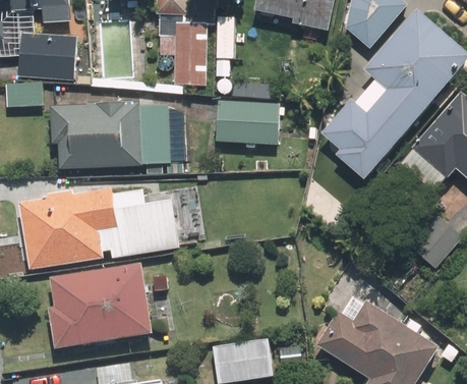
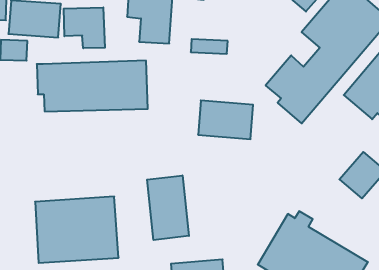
building: none -> [64,7,105,48]
building: [216,98,281,144] -> [198,100,253,139]
building: [20,186,176,265] -> none
building: none -> [147,175,189,240]

